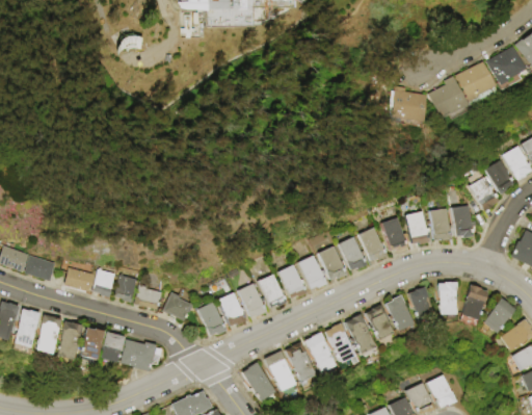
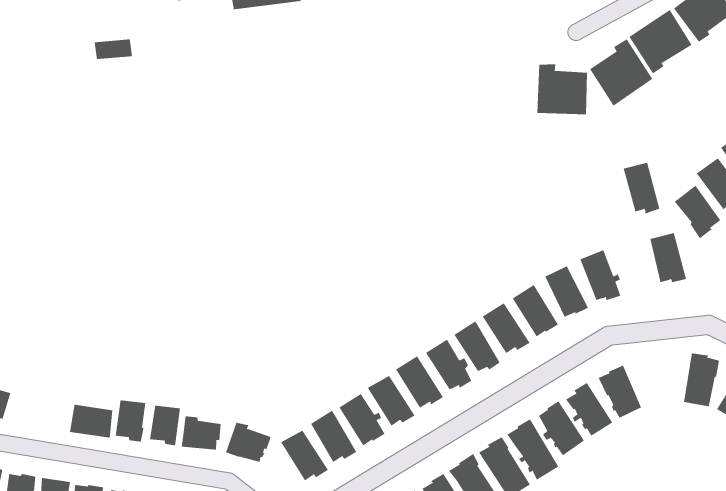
building: [430,209,451,242] -> [623,162,660,214]
building: [23,255,55,282] -> none
building: [437,282,456,315] -> none

